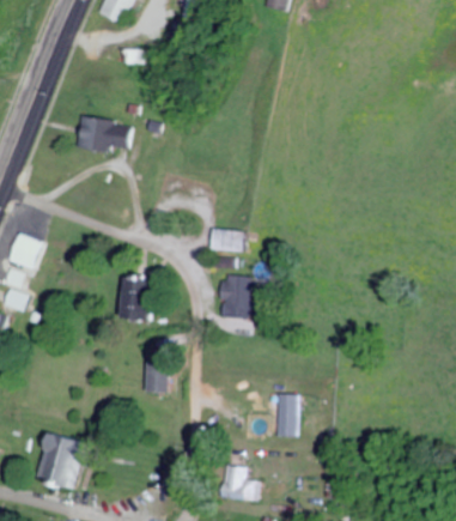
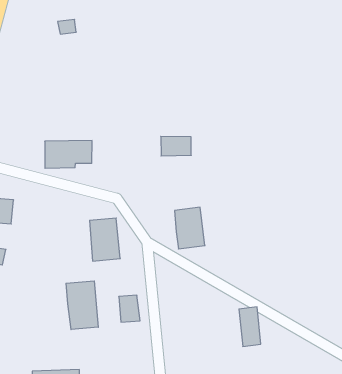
building: [74,119,130,152] -> [45,141,92,168]
building: [214,229,250,254] -> [161,136,191,156]
building: none -> [66,281,98,330]

